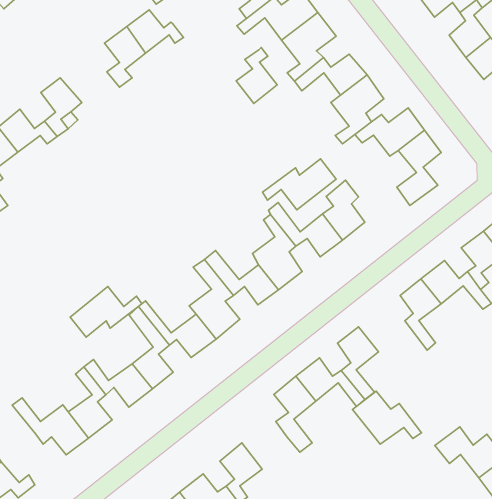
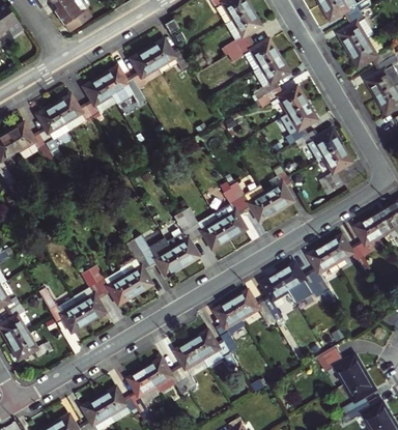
building: [236,47,277,104] -> none
building: none -> [97,65,144,104]
building: [262,159,336,210] -> none
building: [70,287,142,337] -> none
building: [353,391,421,444] -> [278,261,322,297]
building: none -> [189,329,228,367]

